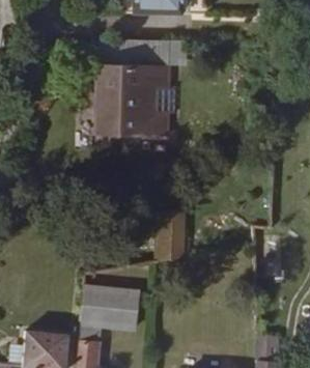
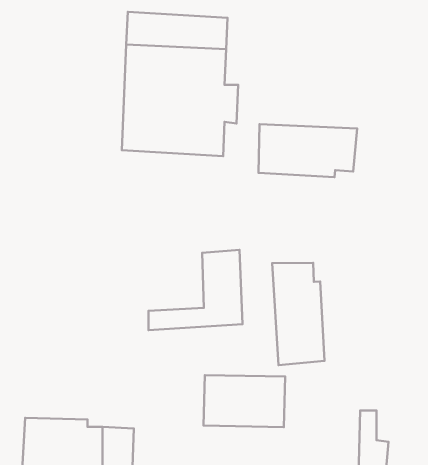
building: none -> [259,124,357,177]
building: none -> [272,263,325,365]
building: [82,280,139,316] -> [203,375,285,427]

